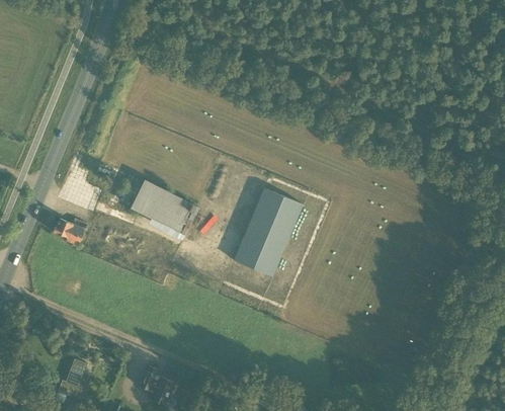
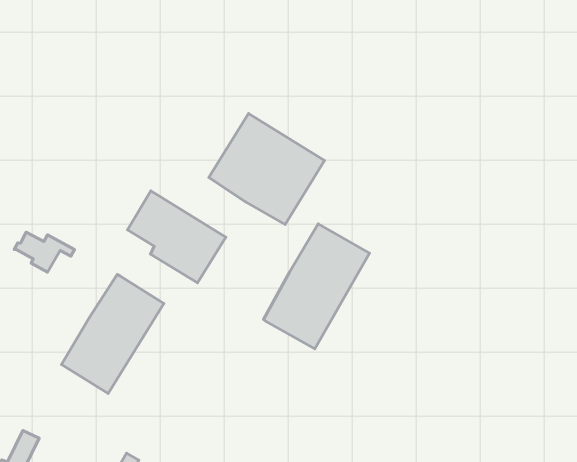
building: none -> [209,114,325,225]
building: none -> [61,274,164,393]

